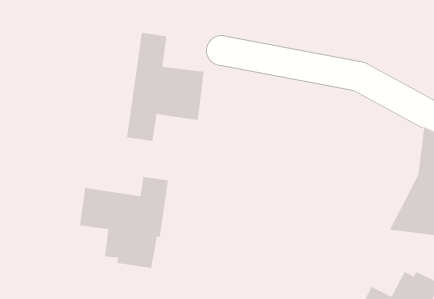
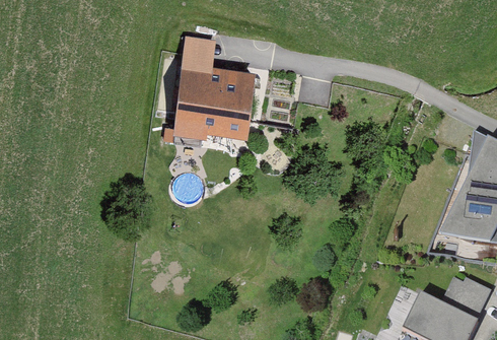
building: [79,176,168,269] -> none

